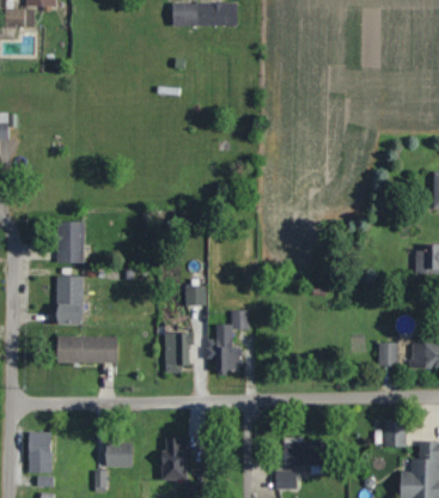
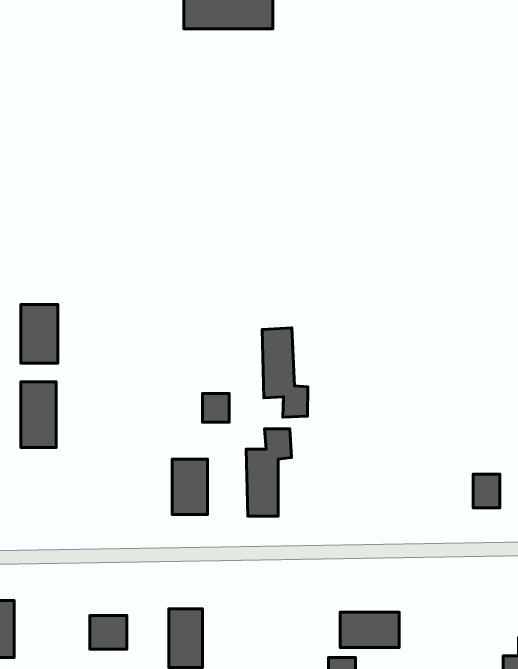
building: none -> [262,328,308,417]
building: [57,336,117,362] -> none
building: [385,421,406,447] -> none

